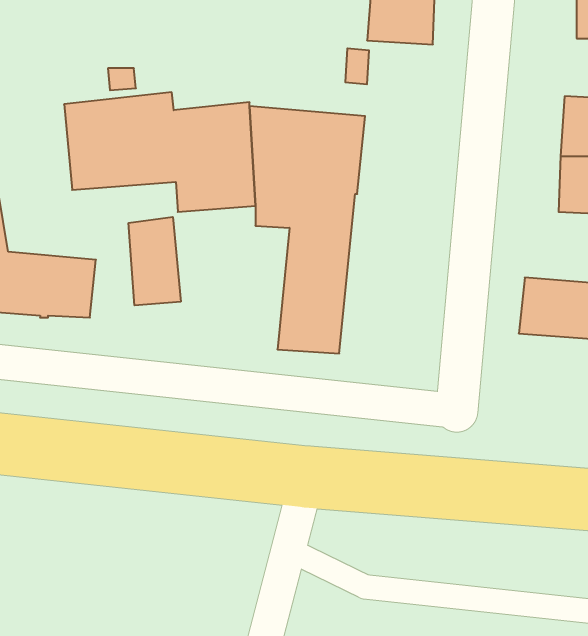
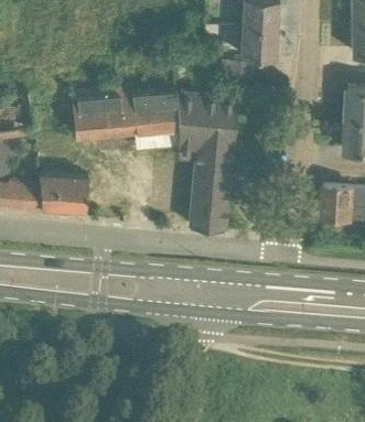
building: [129,217,181,305] -> none

